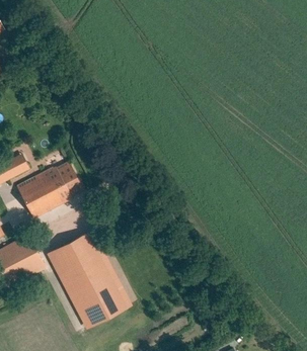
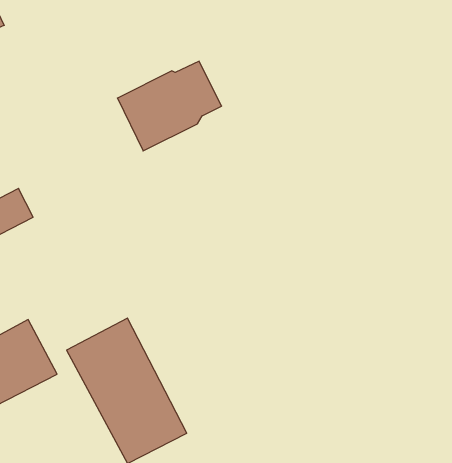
building: [17,163,83,220] -> [117,61,222,151]

